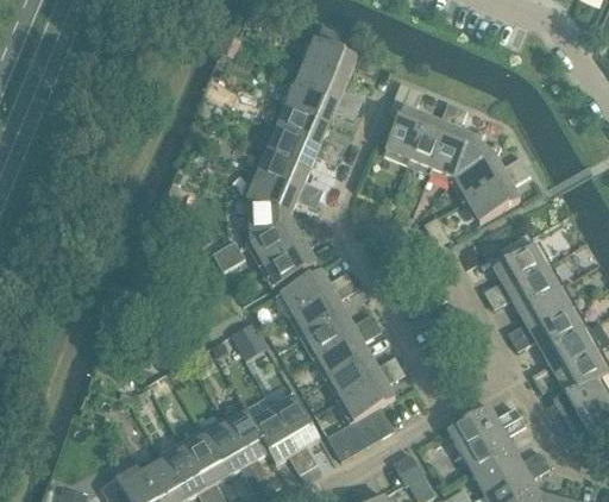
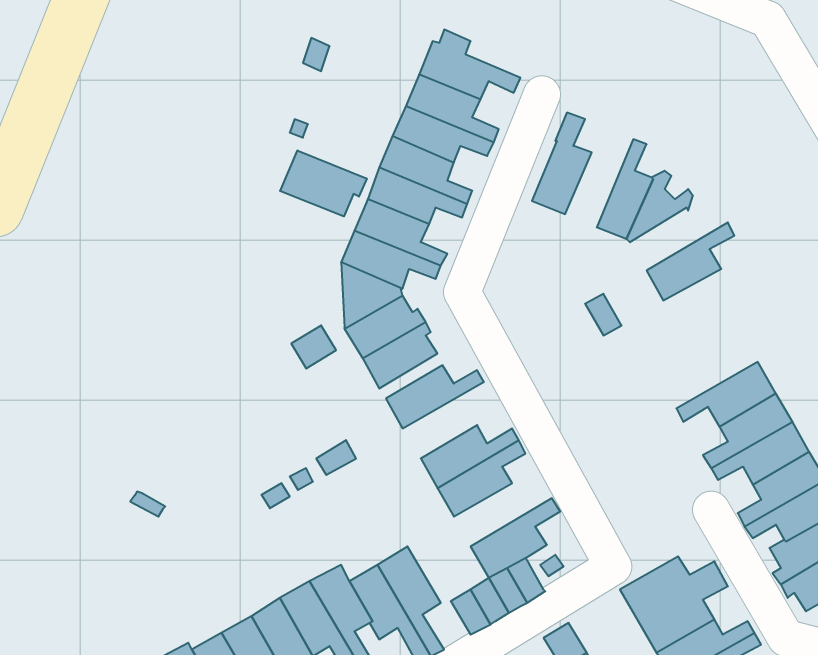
building: [408,102,457,169] -> none
building: none -> [280,150,367,216]
building: [454,155,525,200] -> none
building: [483,231,546,299] -> none
building: [291,280,356,334] -> none
building: [328,352,398,397] -> none

